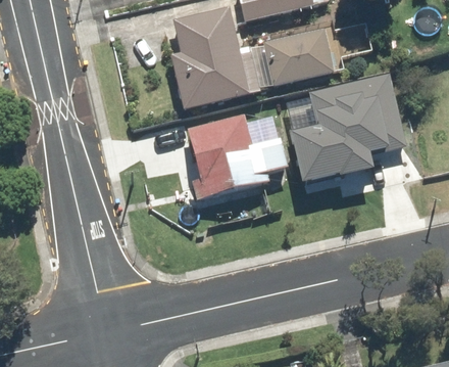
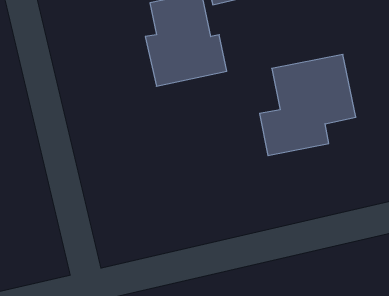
building: [263,29,337,88] -> none
building: [189,117,289,201] -> none

